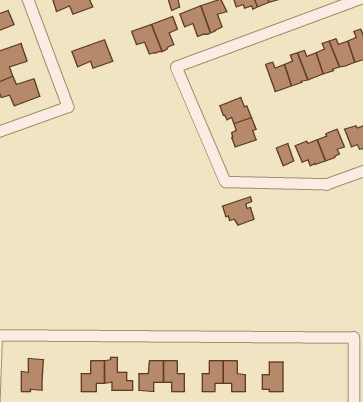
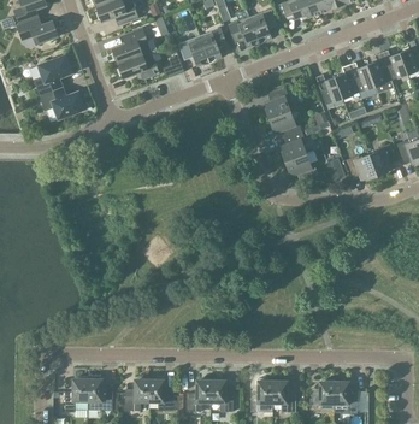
building: none -> [111,28,151,63]
building: none -> [264,87,290,118]
building: [222,197,254,225] -> [284,151,317,179]
building: none -> [87,378,112,410]
building: none -> [334,381,356,412]

